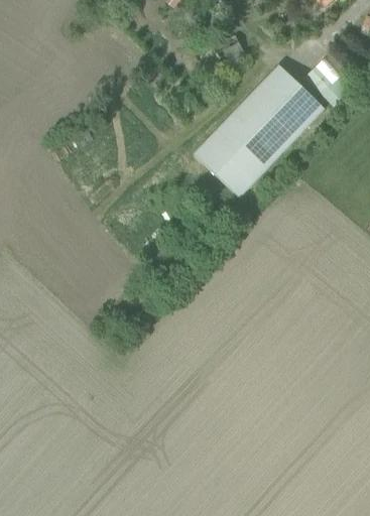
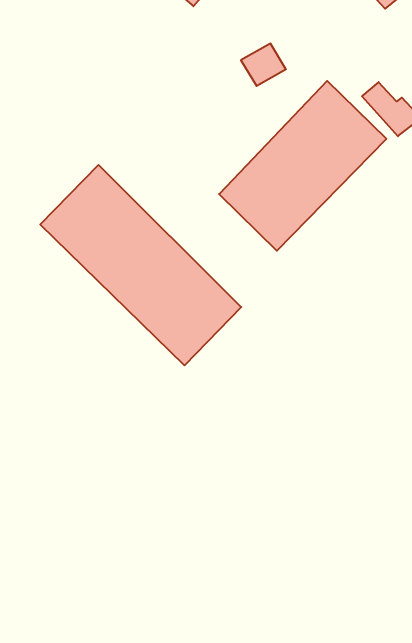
building: none -> [40,165,241,365]

